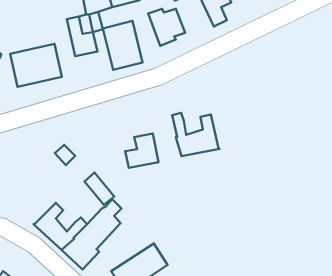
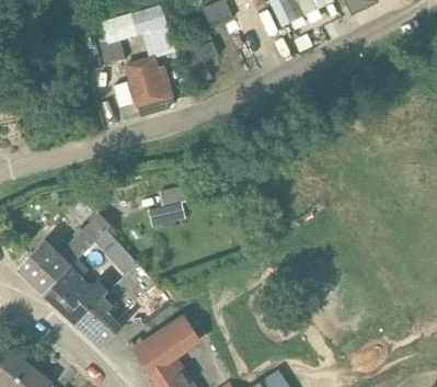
building: [10,44,62,87] -> none
building: [172,113,219,156] -> none
building: none -> [16,213,110,294]

